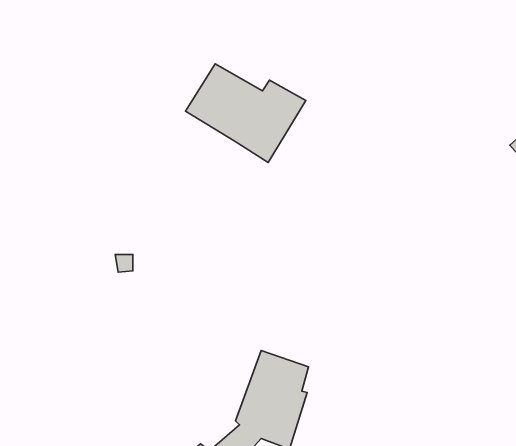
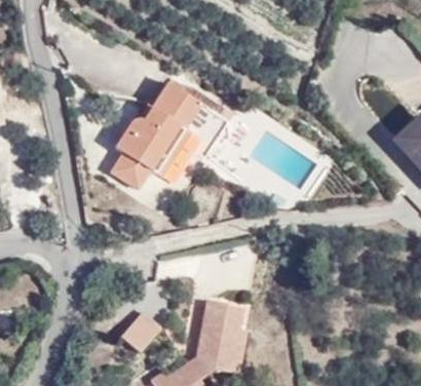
building: none -> [113,111,184,186]
building: none -> [116,311,157,350]

